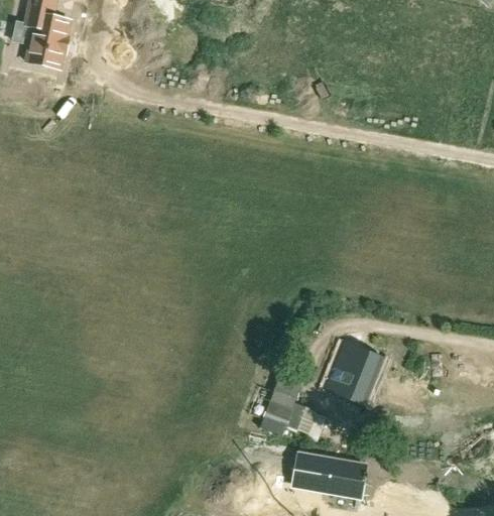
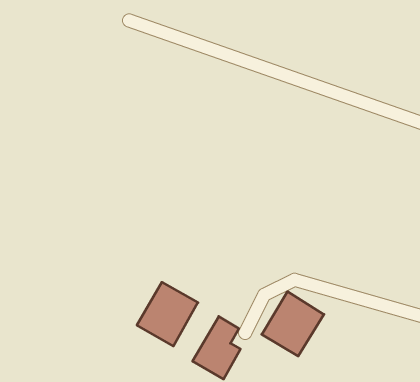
building: none -> [137,282,198,346]

